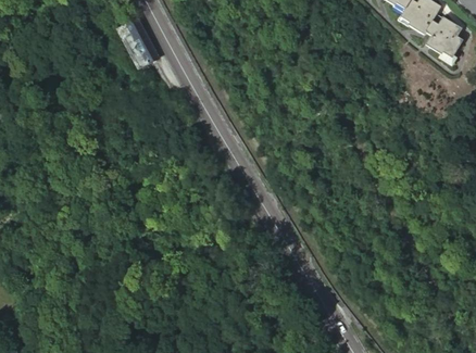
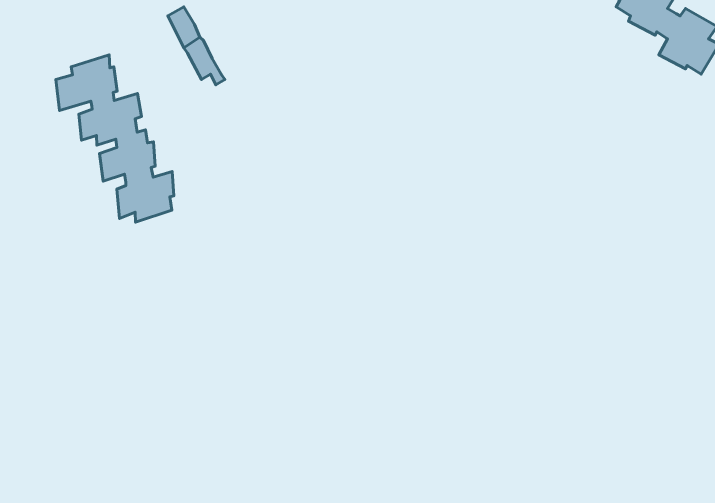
building: none -> [56,55,174,222]

